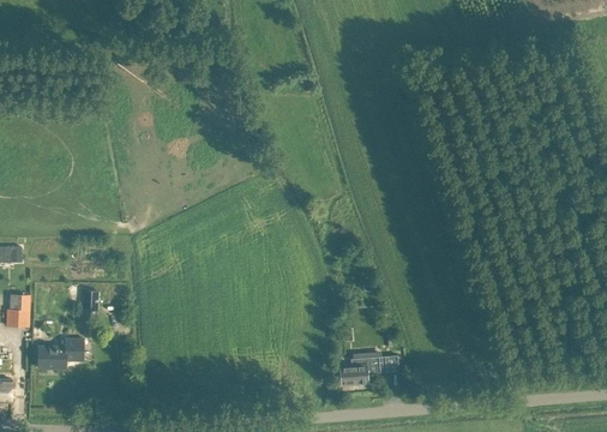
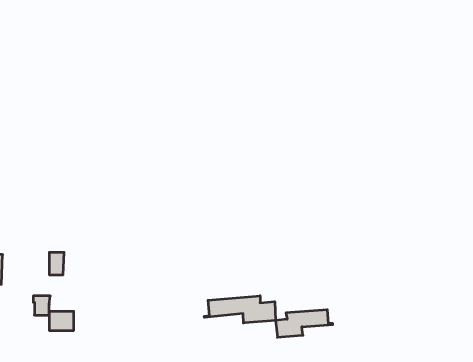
building: none -> [204,296,275,323]
building: [37,347,65,368] -> [49,311,74,330]

